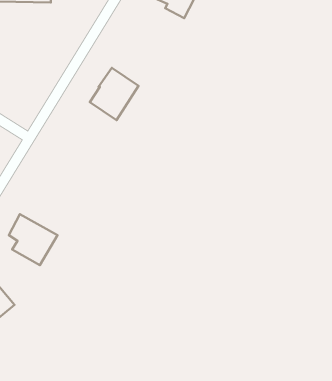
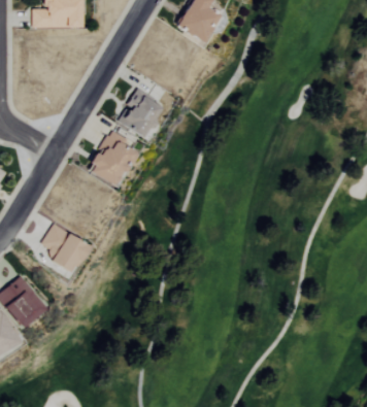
building: none -> [89,130,135,185]

